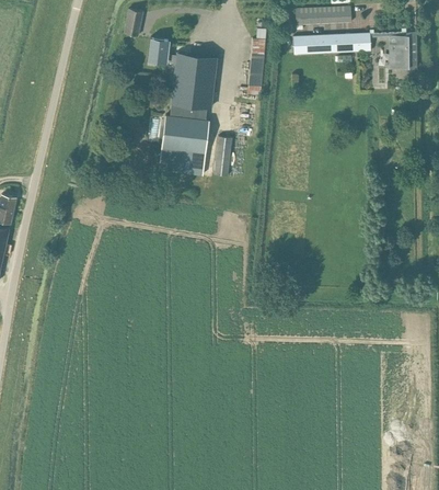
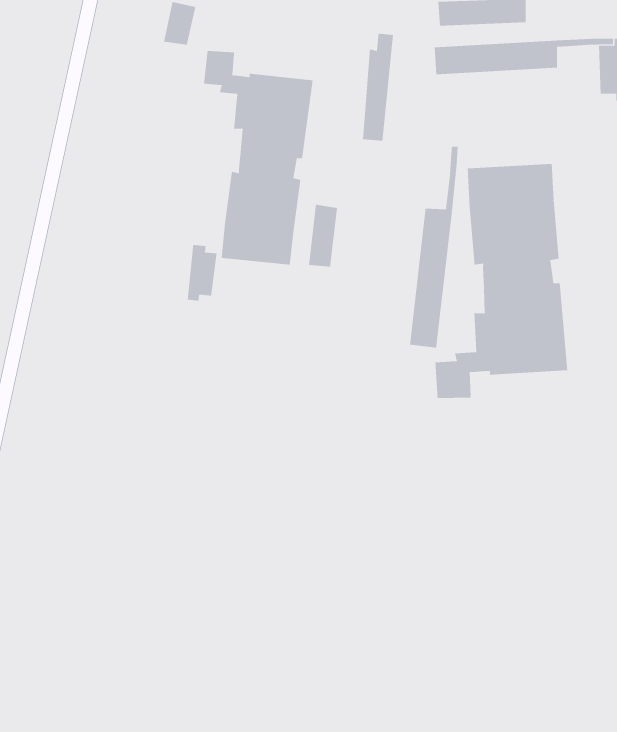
building: none -> [409,146,458,348]
building: none -> [435,163,568,399]
building: none -> [187,244,217,301]

